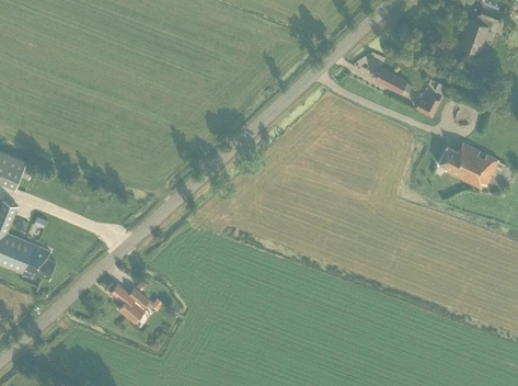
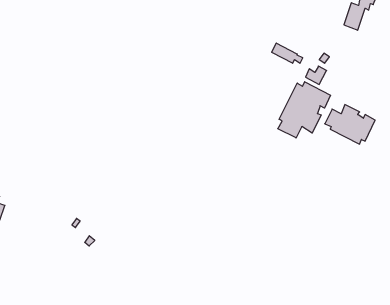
building: none -> [278,82,331,138]
building: [108,283,147,322] -> none

